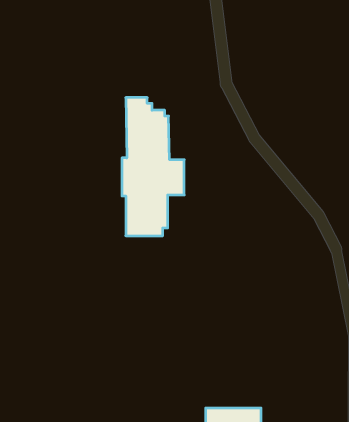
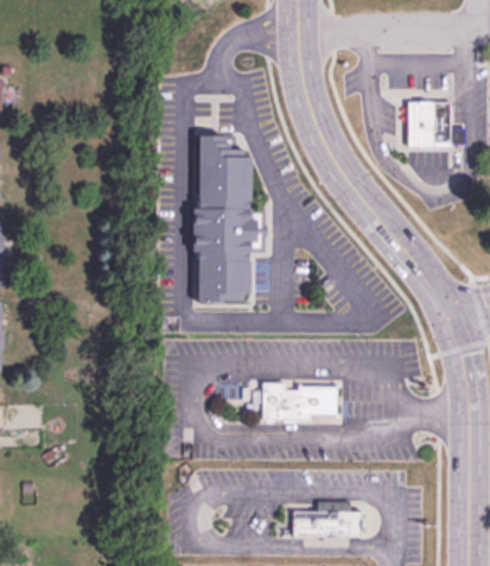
building: none -> [412,103,454,150]
building: none -> [260,383,336,422]

